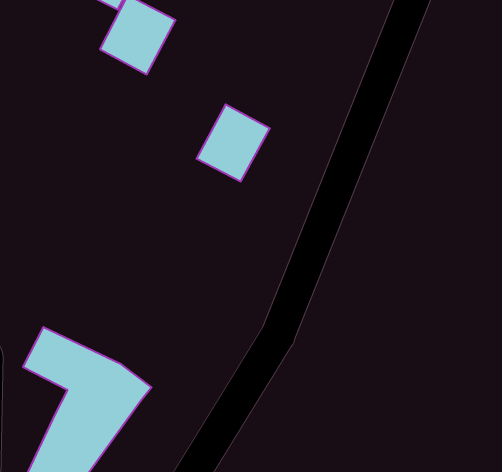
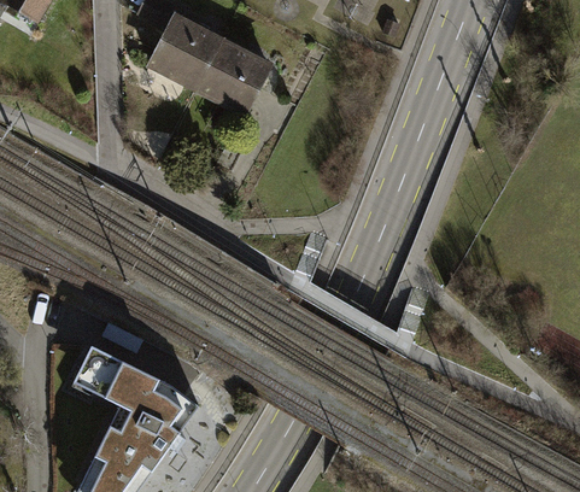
building: [196,104,270,181] -> [195,37,269,115]

